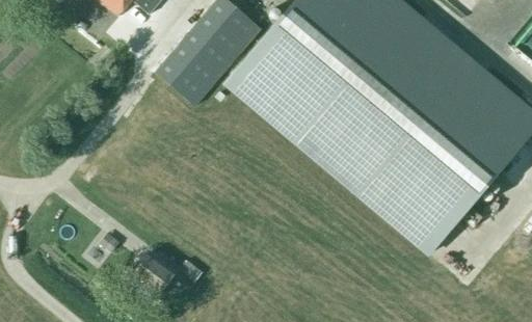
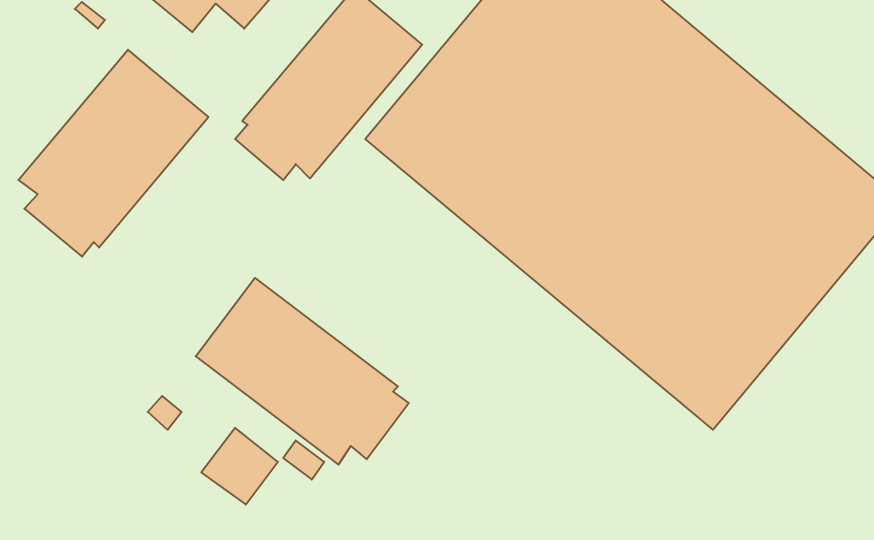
building: none -> [18,50,208,257]
building: none -> [196,278,409,465]

